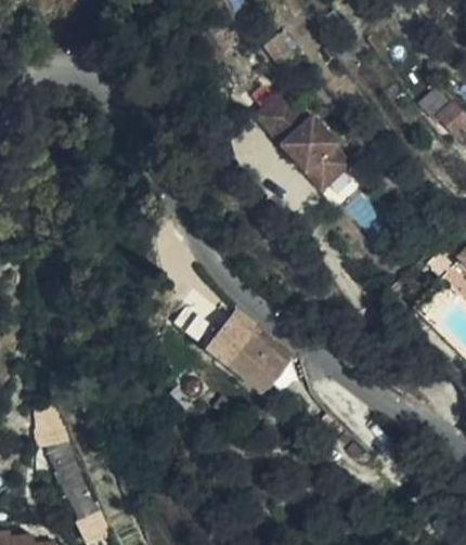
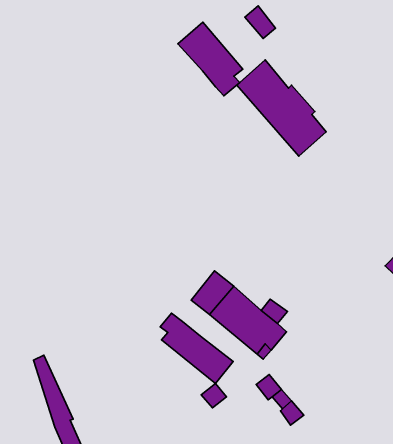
building: none -> [178,22,243,96]
building: none -> [160,313,233,384]

